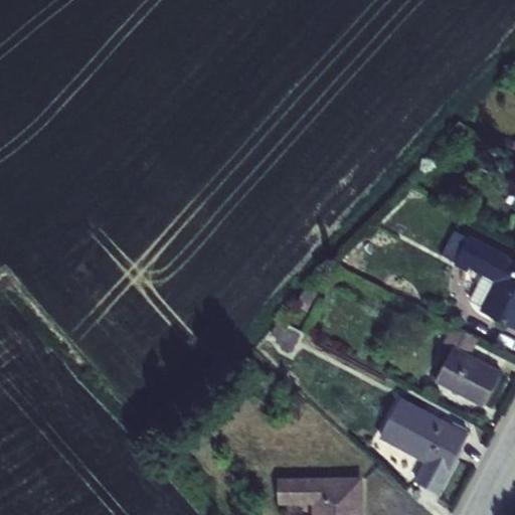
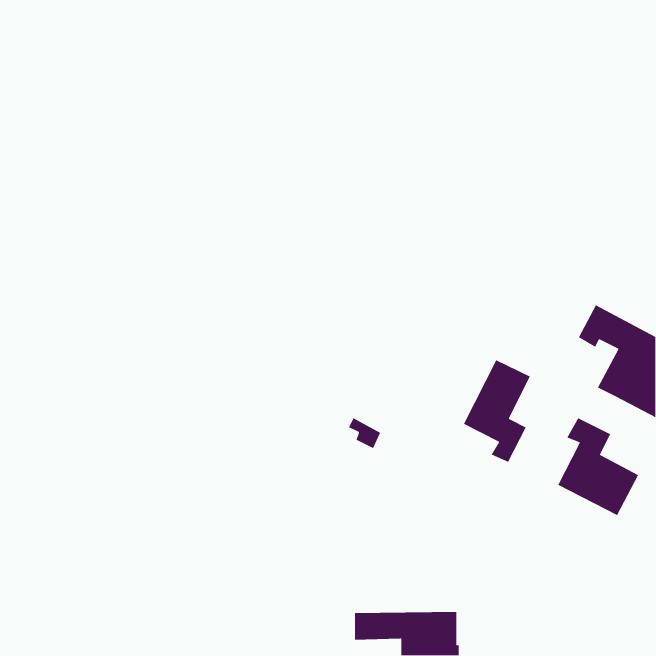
building: none -> [463,359,531,463]
building: [380,401,467,494] -> none

